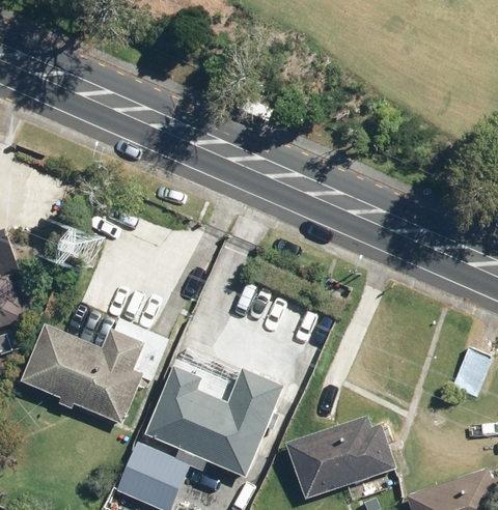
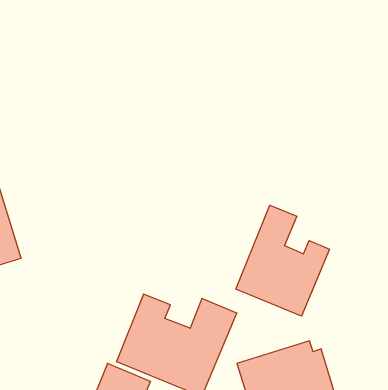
building: none -> [236,205,330,316]
building: [22,321,149,424] -> none

